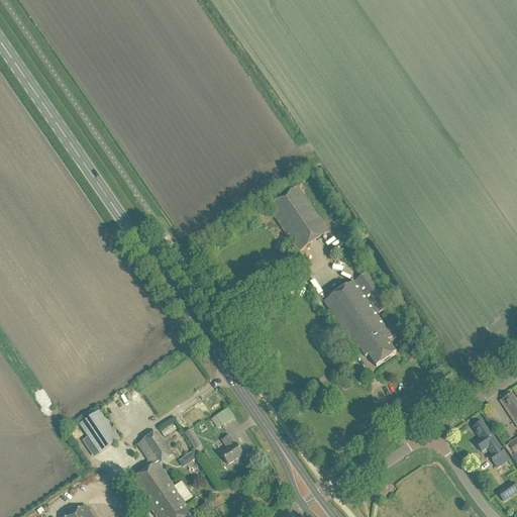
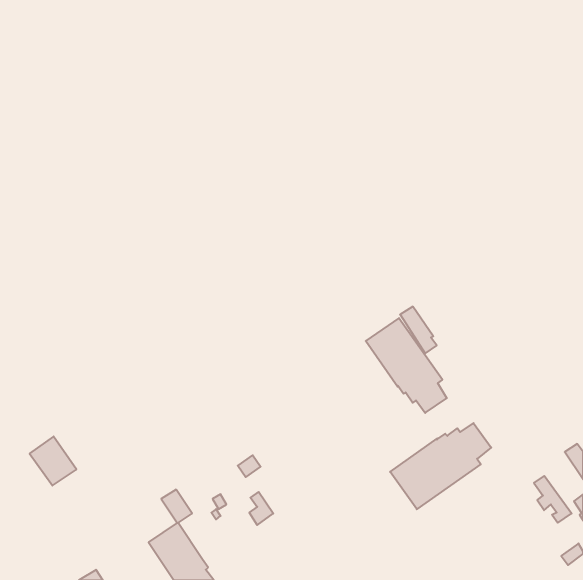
building: [267,185,327,250] -> none
building: none -> [390,423,491,509]
building: [78,408,119,451] -> [30,436,76,486]

